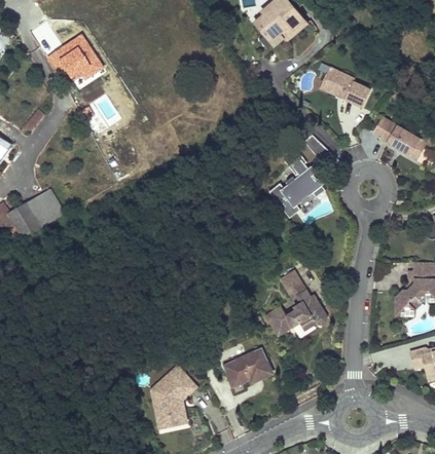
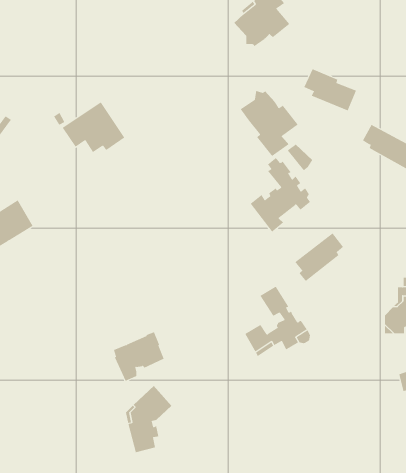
building: [46,32,106,80] -> [62,102,125,153]
building: none -> [240,90,298,157]
building: none -> [295,232,344,282]
building: [222,347,270,394] -> [113,331,164,382]

